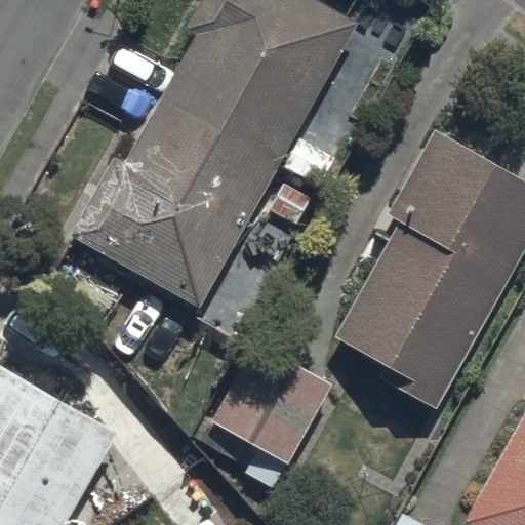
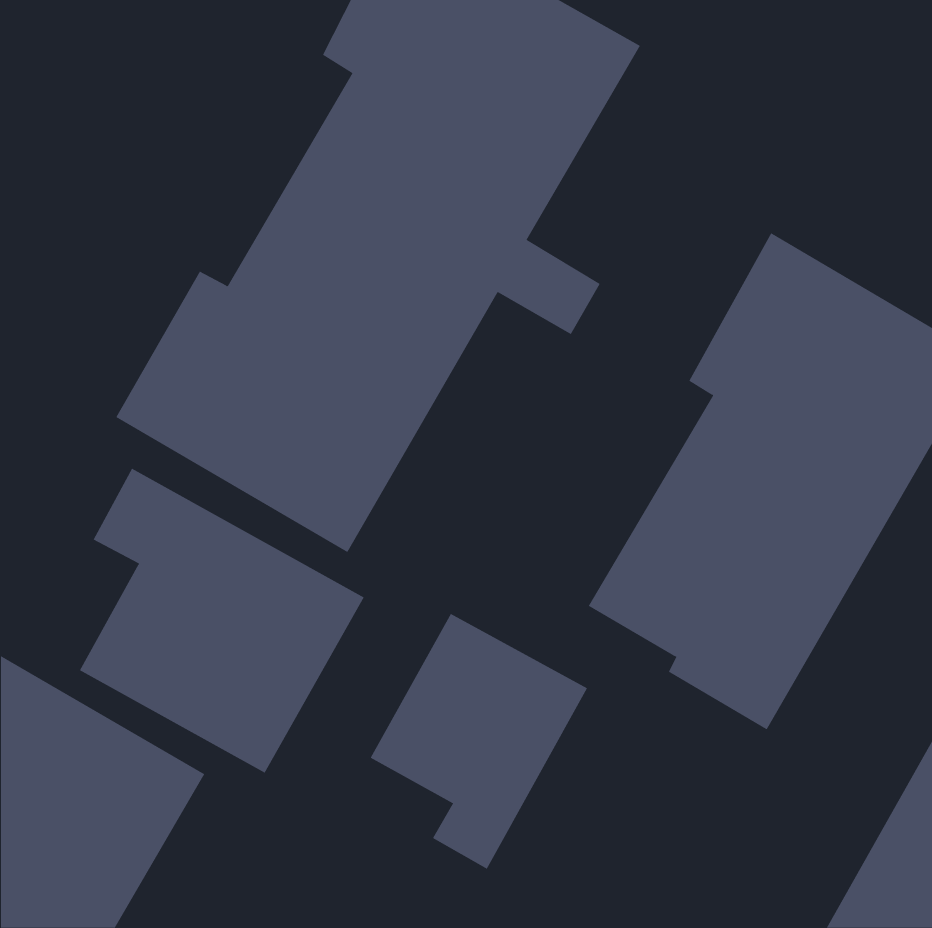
building: none -> [79,468,364,773]

